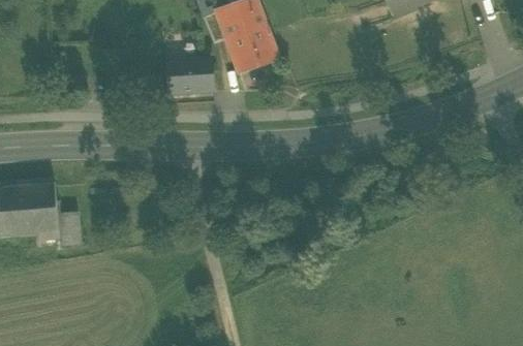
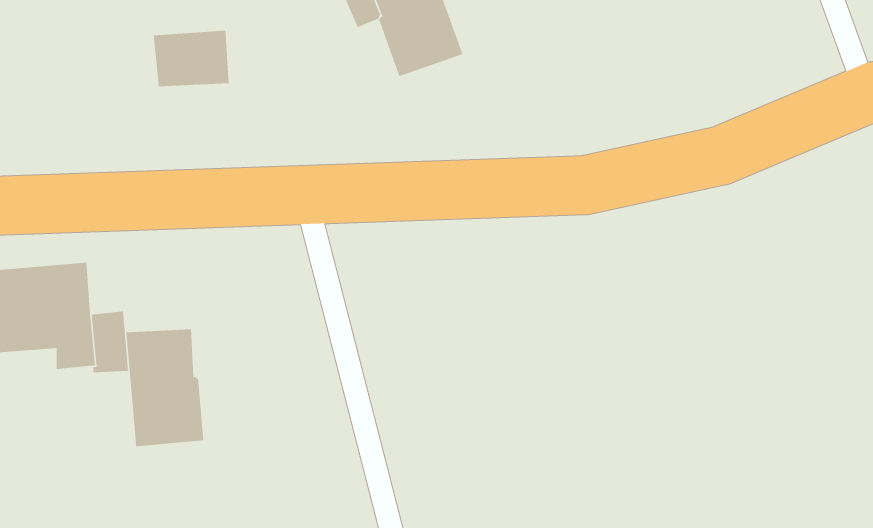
building: [167,58,213,92] -> [153,30,230,87]
building: none -> [126,329,204,447]

